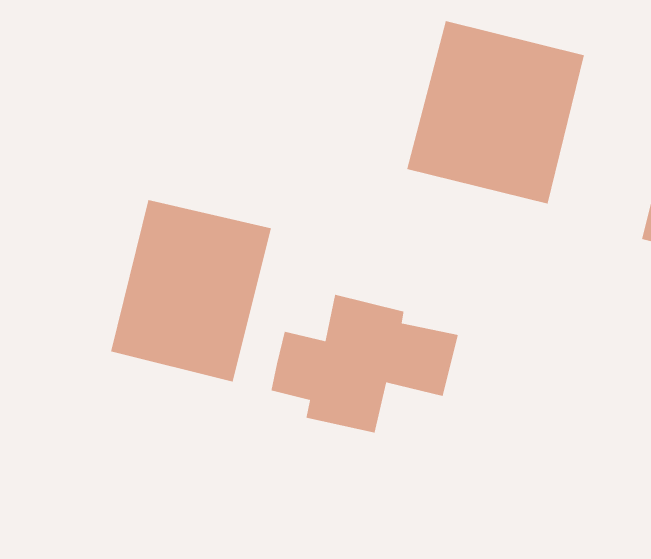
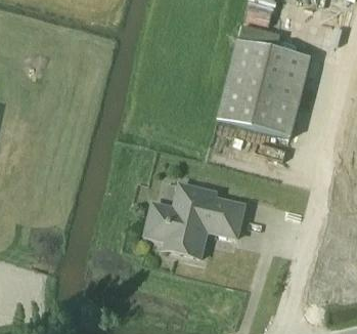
building: [110,199,272,382] -> none

